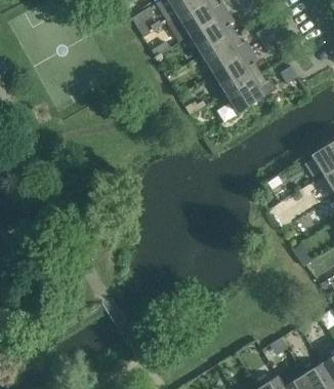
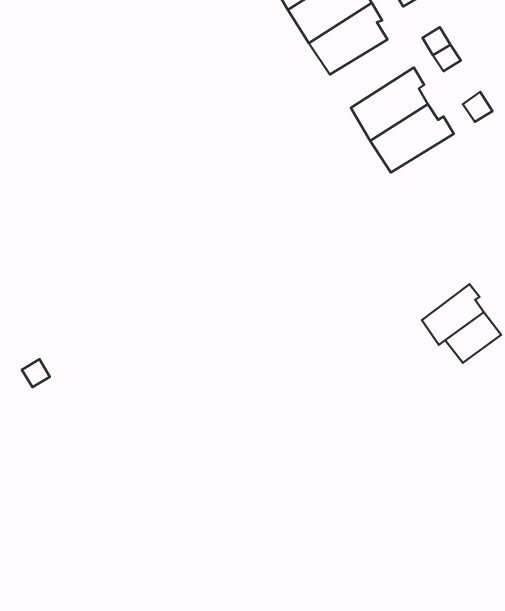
building: [202,34,251,74] -> none
building: none -> [422,284,484,345]

